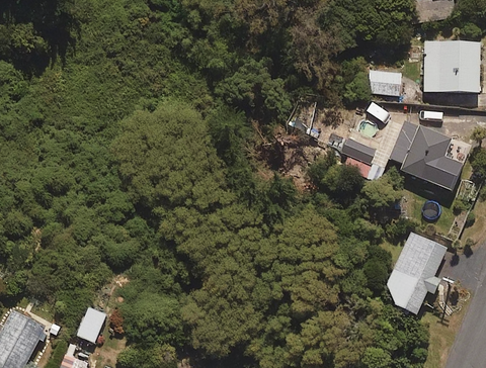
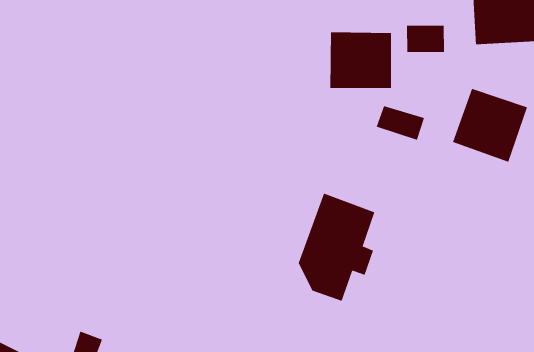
building: none -> [330,31,392,89]
building: [385,233,451,323] -> [298,193,375,302]

